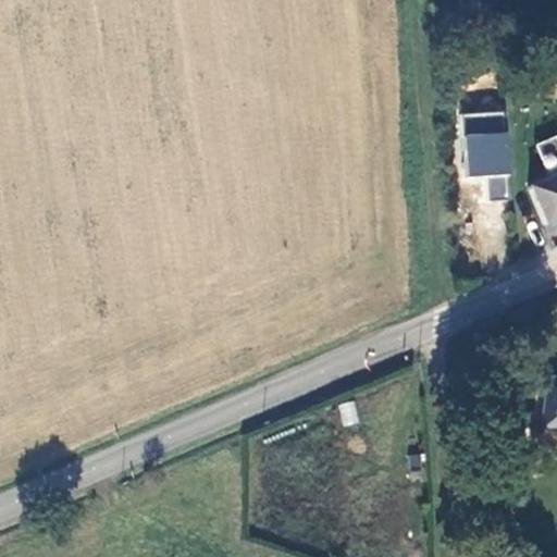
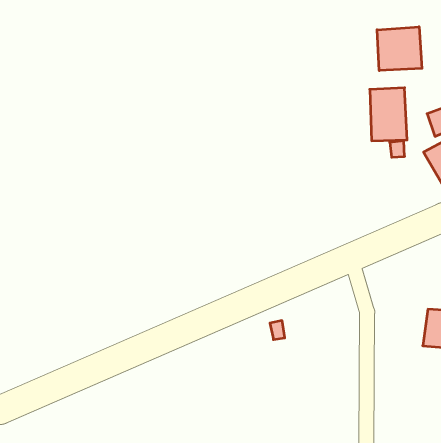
building: none -> [377,27,422,71]

